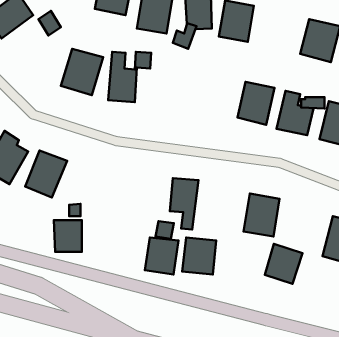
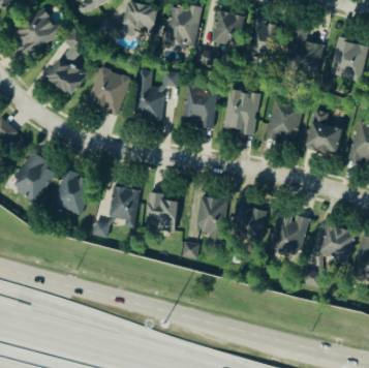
building: none -> [283,26,324,73]
building: none -> [45,57,86,95]
building: none -> [183,81,218,127]
building: none -> [223,89,260,134]
building: [54,220,82,252] -> [110,188,137,220]
building: [145,237,179,274] -> [145,194,179,232]
building: [182,238,216,275] -> [232,205,266,242]
building: [265,244,303,284] -> [318,224,357,265]

